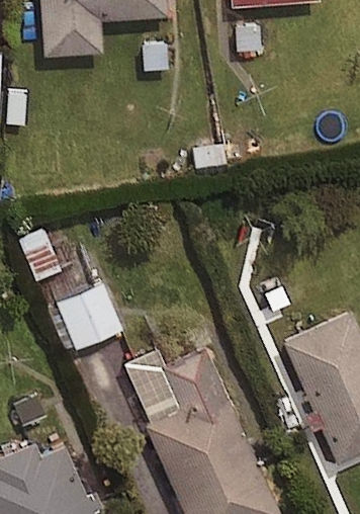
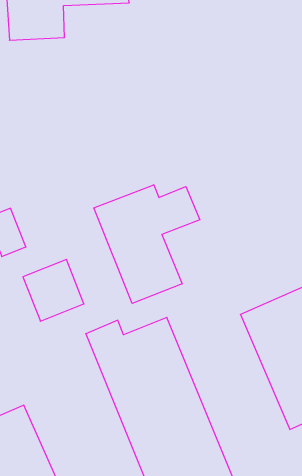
building: none -> [94,185,200,303]

